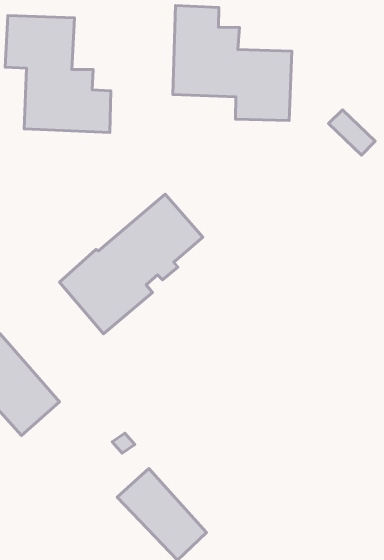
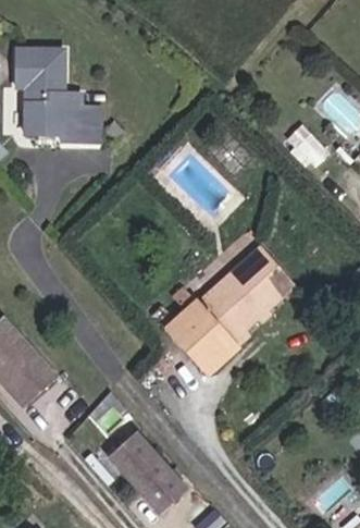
building: [173,5,292,120] -> none
building: [59,194,203,334] -> [164,246,288,367]

